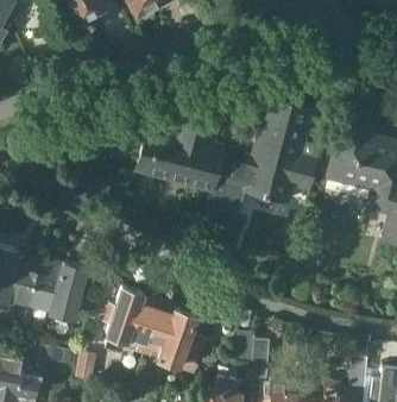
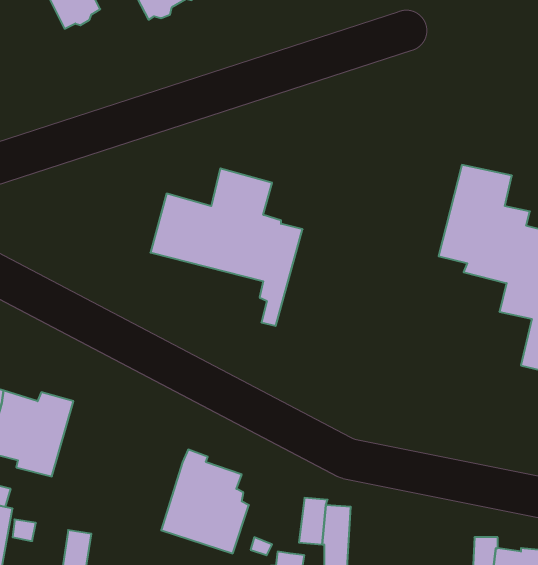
building: [219,101,319,224] -> none
building: [105,289,160,356] -> none

